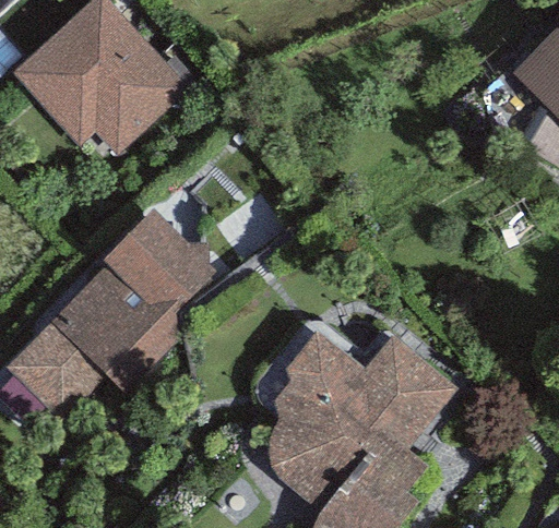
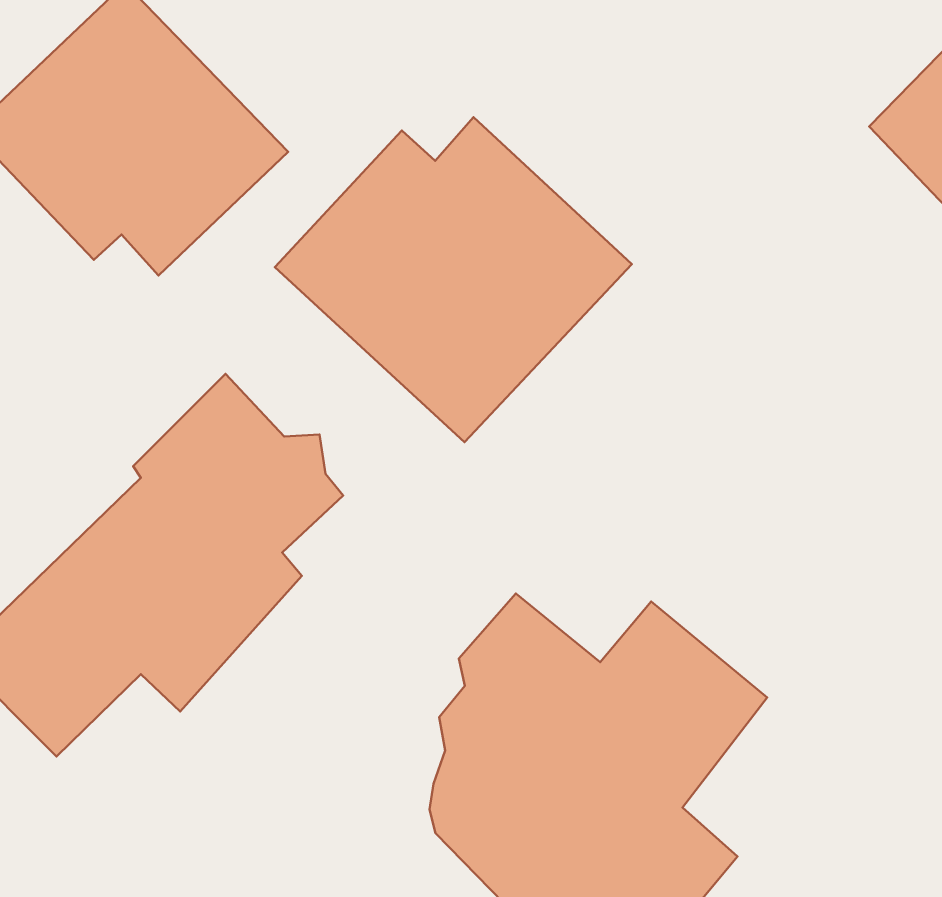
building: none -> [275,117,632,442]

